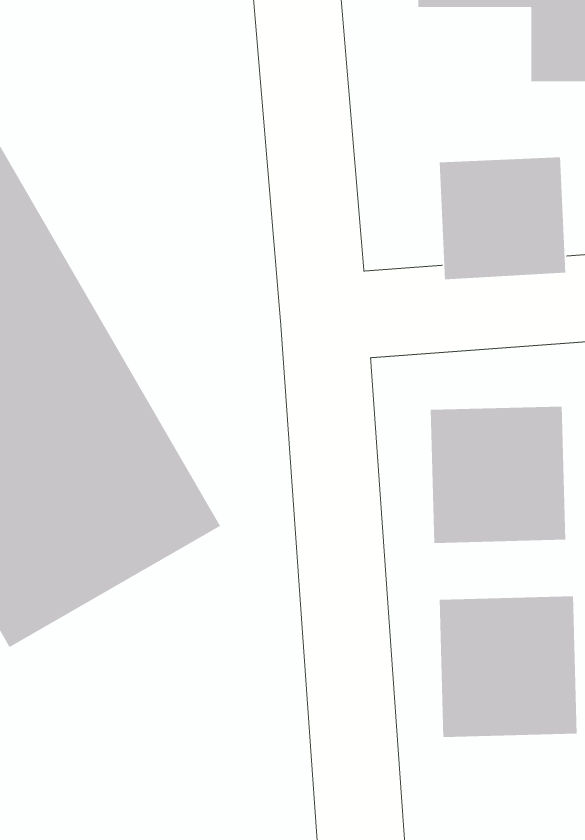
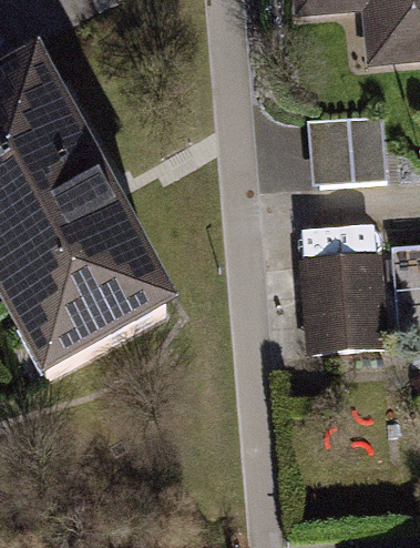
building: [439,596,577,738] -> none

